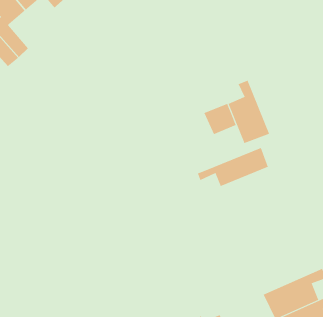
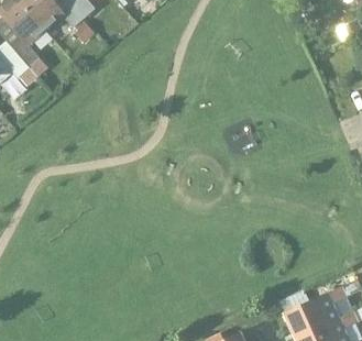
building: [228,80,270,144] -> none
building: [197,147,269,187] -> none

